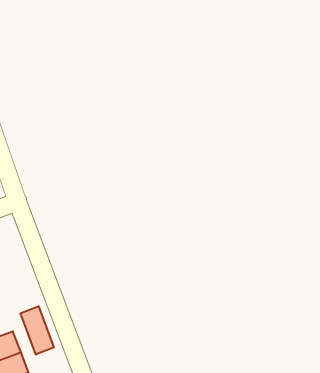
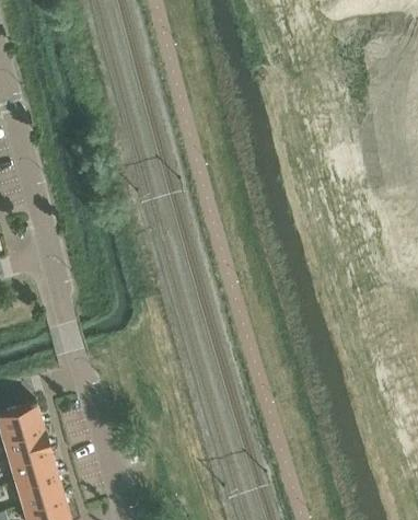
building: [20,306,54,355] -> none

